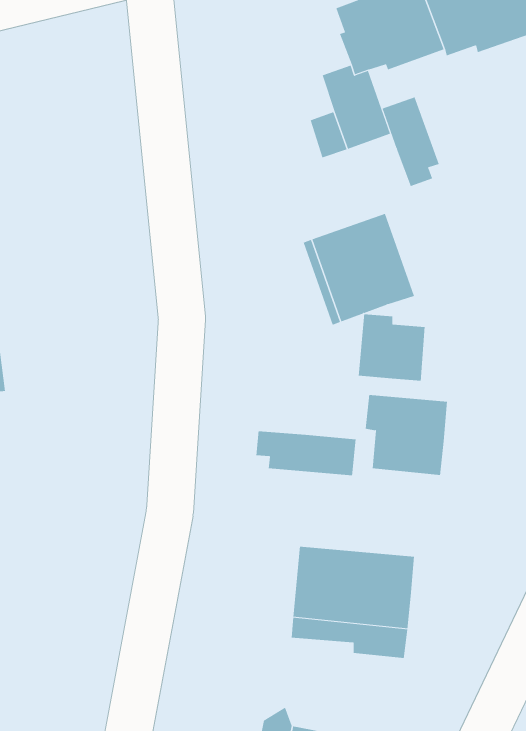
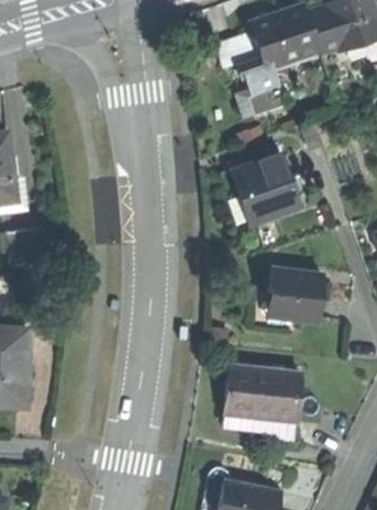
building: [382,97,439,187] -> none
building: [358,313,425,381] -> none
building: [256,431,356,476] -> none

